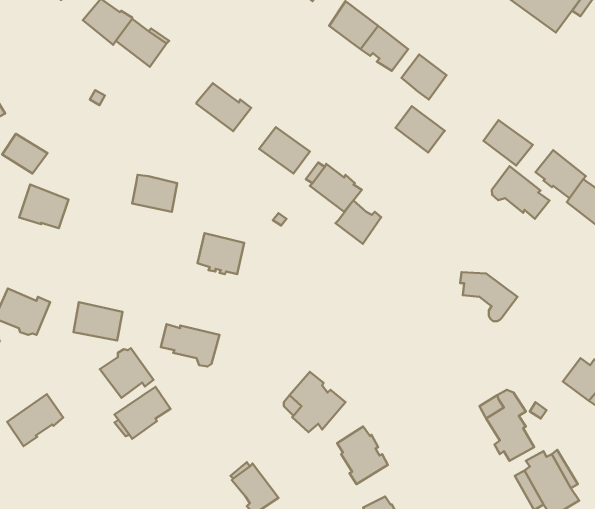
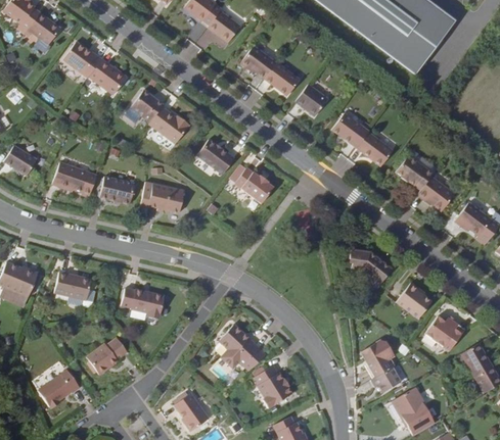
building: none -> [132,91,162,121]
building: [395,106,445,153] -> [338,115,375,150]
building: [492,166,550,219] -> none
building: [19,185,68,228] -> [52,161,89,194]
building: [336,201,381,244] -> none
building: [198,233,244,274] -> [148,183,183,213]
building: none -> [394,280,429,315]
building: [100,348,154,398] -> none
building: [7,394,63,446] -> [39,369,81,407]

